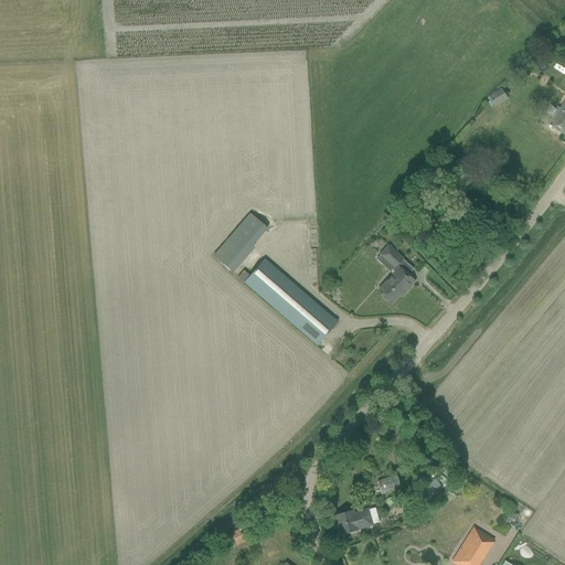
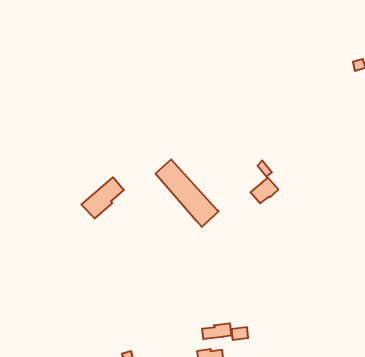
building: [213,211,268,270] -> [81,177,124,219]
building: none -> [202,323,231,339]

